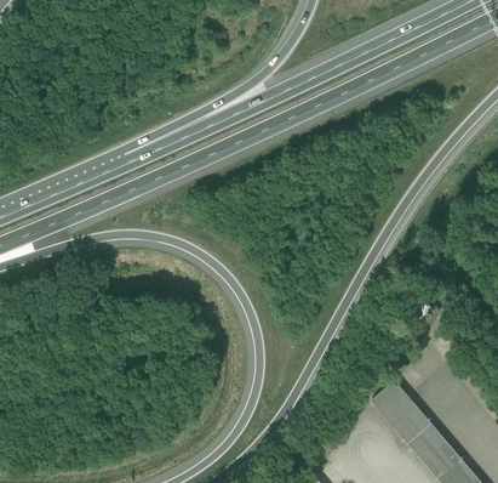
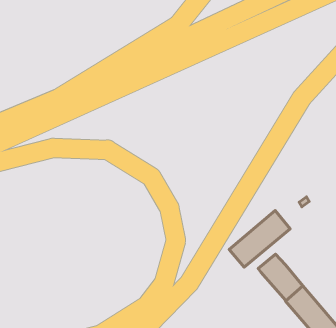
building: none -> [229,211,290,267]

